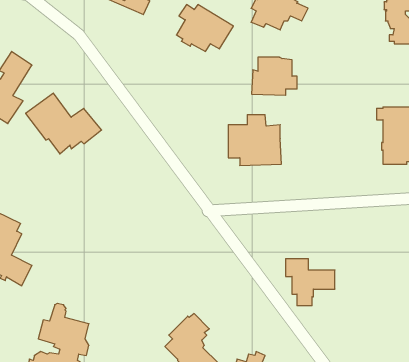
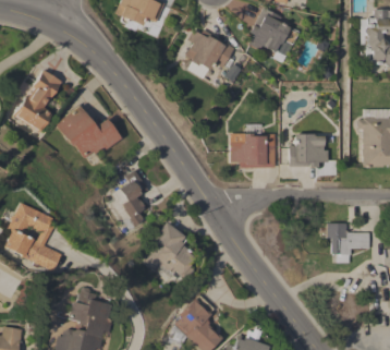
building: [252,57,297,95] -> [289,134,328,167]
building: none -> [110,170,148,230]
building: none -> [144,221,195,279]
building: [286,259,335,306] -> [327,222,369,263]

